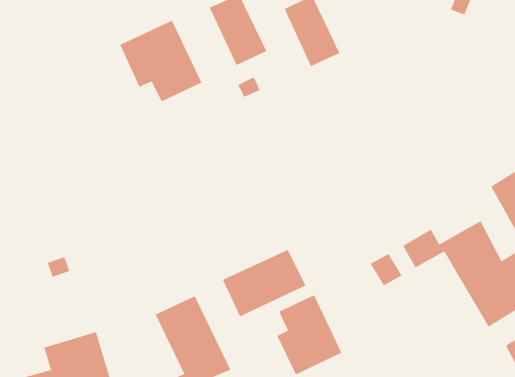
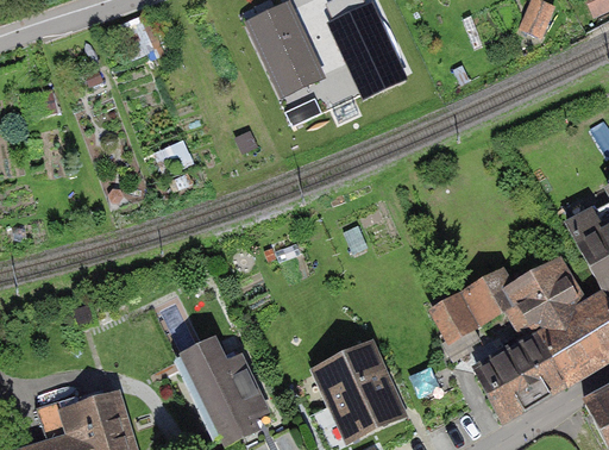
building: [119,20,202,102] -> none
building: [222,249,306,317] -> none
building: none -> [478,324,566,418]

